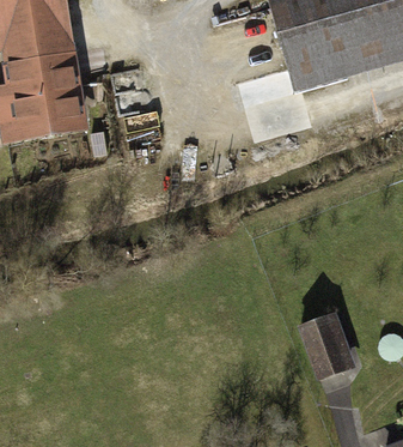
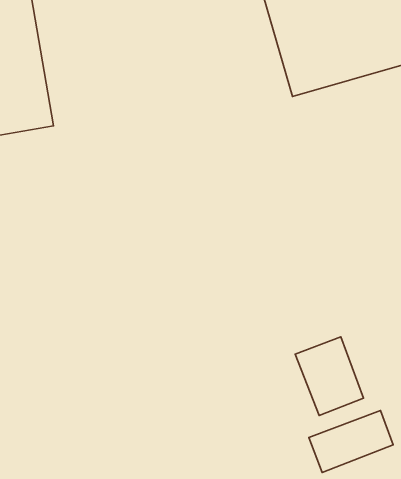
building: none -> [309,410,393,473]

